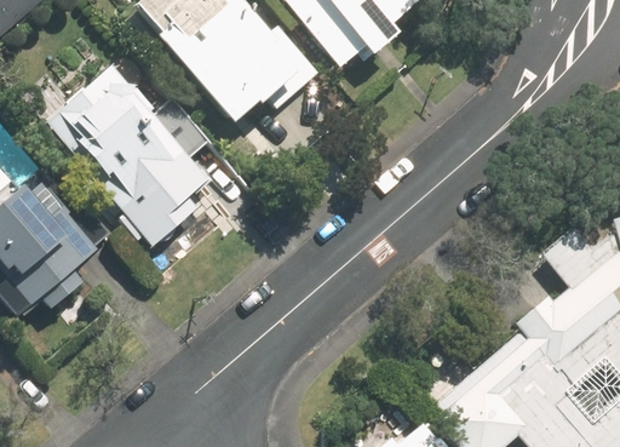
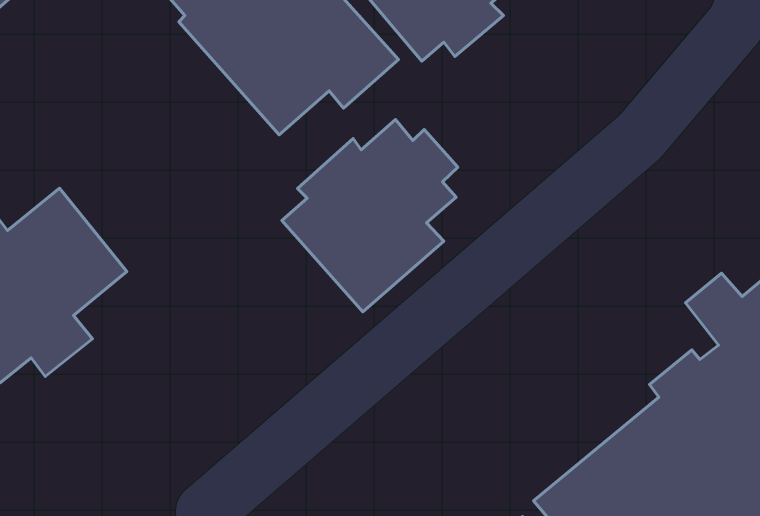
building: [42,62,216,240] -> none
building: none -> [282,119,458,312]

